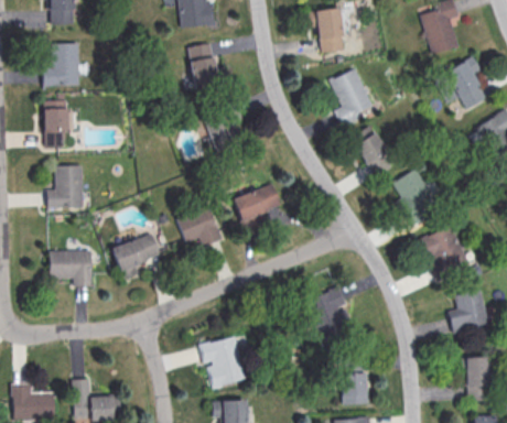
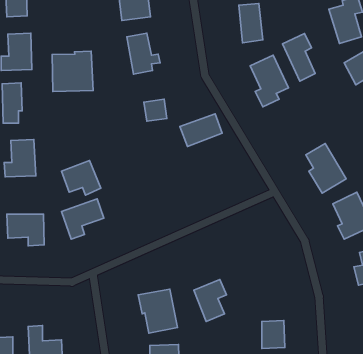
building: none -> [282,34,315,81]
building: none -> [52,51,93,92]
building: [357,133,392,177] -> none
building: [233,184,281,221] -> [180,114,222,147]
building: [177,207,223,247] -> [62,161,101,195]
building: [310,288,347,336] -> [194,279,226,322]

